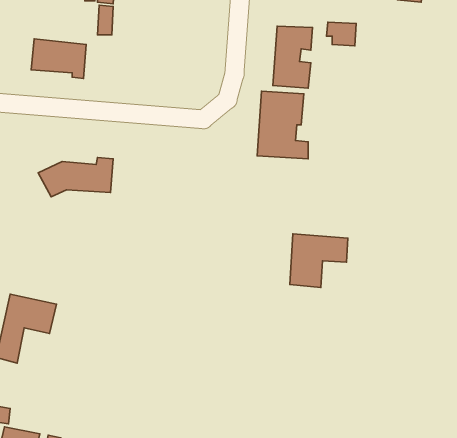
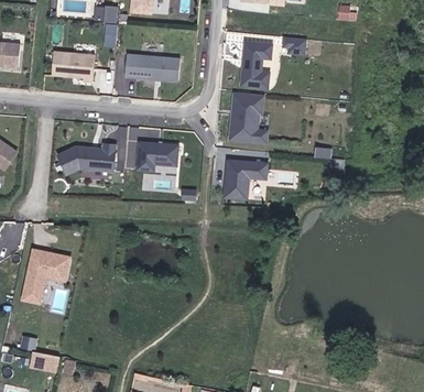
building: none -> [124,54,181,80]
building: none -> [133,140,178,173]
building: [290,234,348,287] -> [222,159,268,200]

